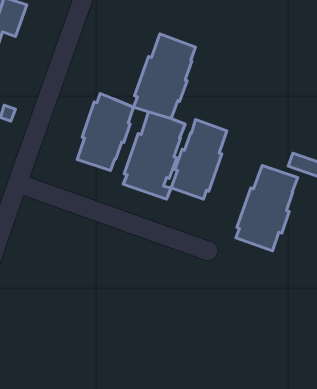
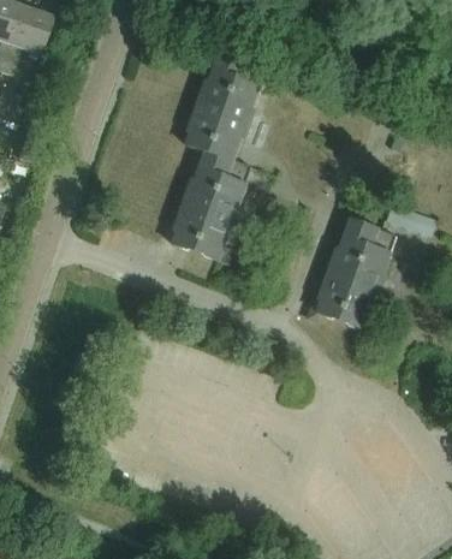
building: [77,94,134,171] -> none
building: [171,120,227,199] -> none

